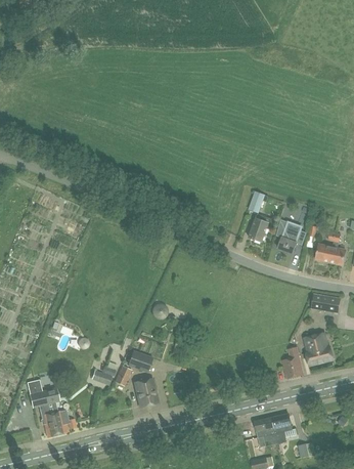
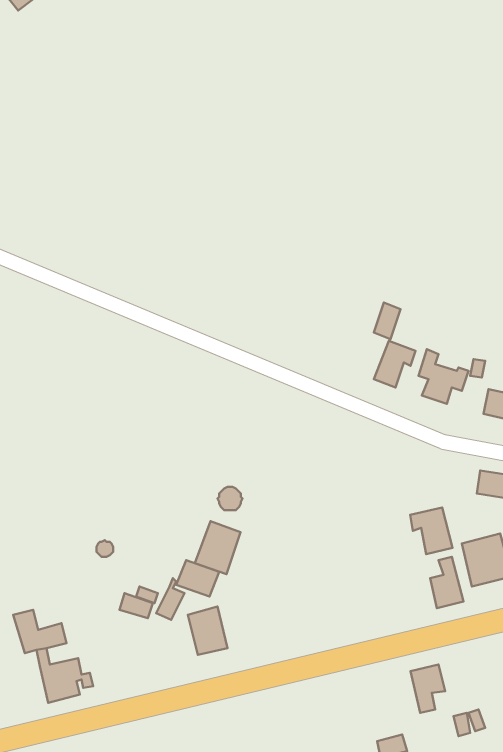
building: none -> [410,507,452,554]
building: none -> [195,521,240,574]
building: [254,417,276,445] -> none

